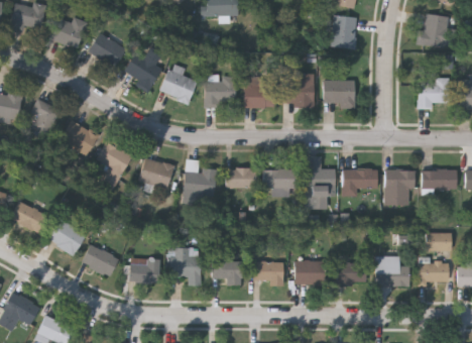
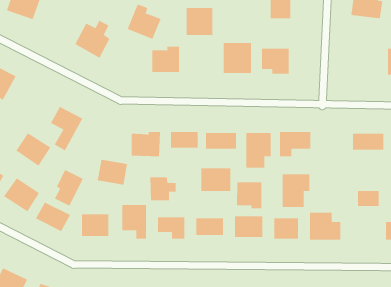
building: [89,33,126,67] -> none
building: [160,66,198,104] -> [127,4,161,40]
building: [245,78,274,108] -> [186,7,213,36]
building: [418,83,448,107] -> none
building: [60,121,98,157] -> [15,133,51,166]
building: [140,159,173,188] -> [97,159,128,185]
building: [384,170,415,207] -> [282,174,310,207]
building: none -> [201,168,231,192]
building: none -> [54,169,84,207]
building: none -> [150,176,176,201]
building: none -> [236,181,262,209]
building: [418,262,447,285] -> none

